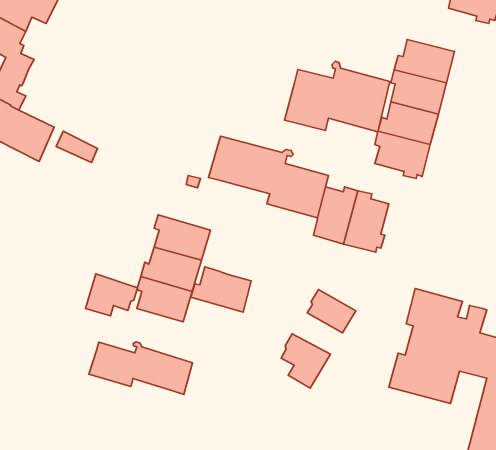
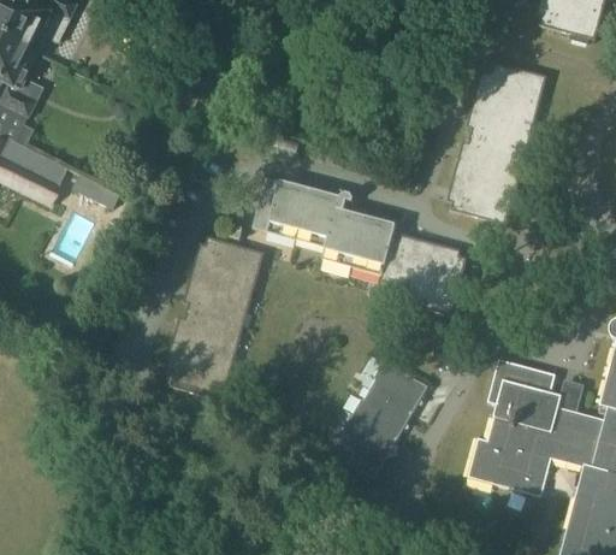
building: [285,61,390,132] -> none
building: [191,267,251,312] -> [192,234,265,288]
building: [86,274,137,316] -> none
building: none -> [353,386,413,436]
building: [89,342,193,394] -> none

